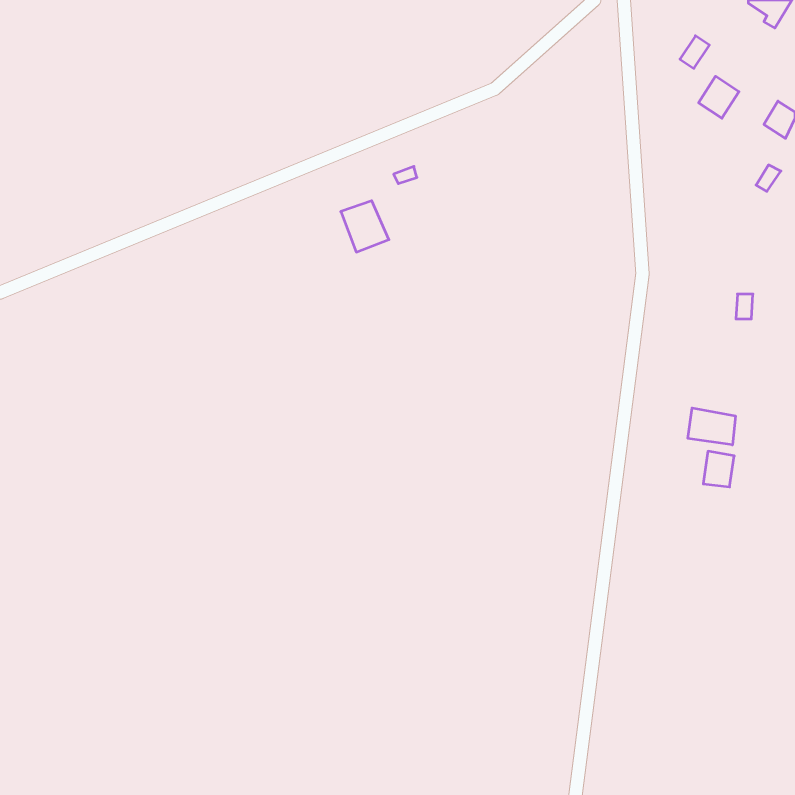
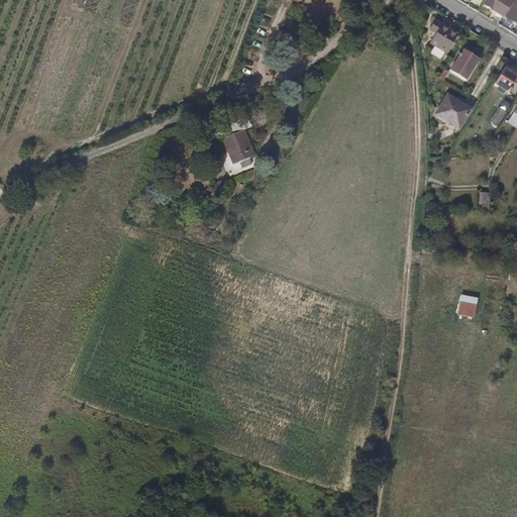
building: none -> [437,92,473,125]
building: [688,408,735,445] -> none

